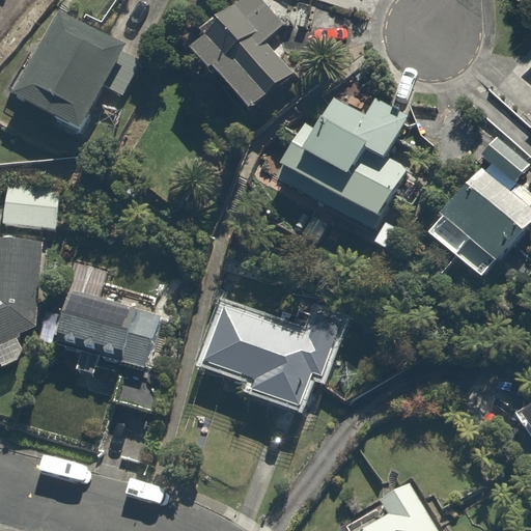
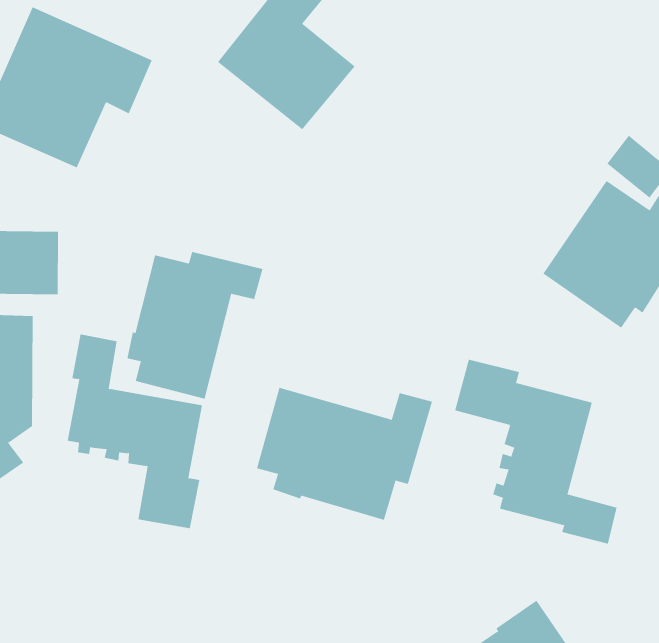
building: [280,94,411,221] -> none
building: none -> [127,251,263,399]
building: none -> [454,359,617,545]

